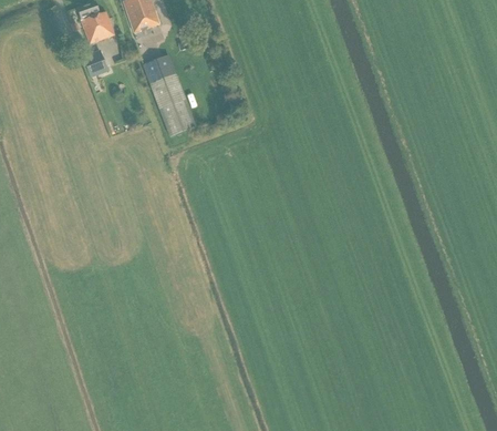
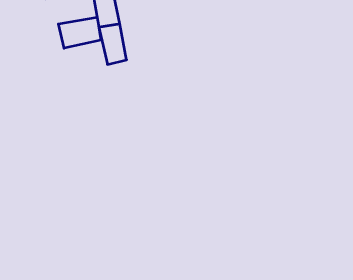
building: none -> [58,17,101,48]

